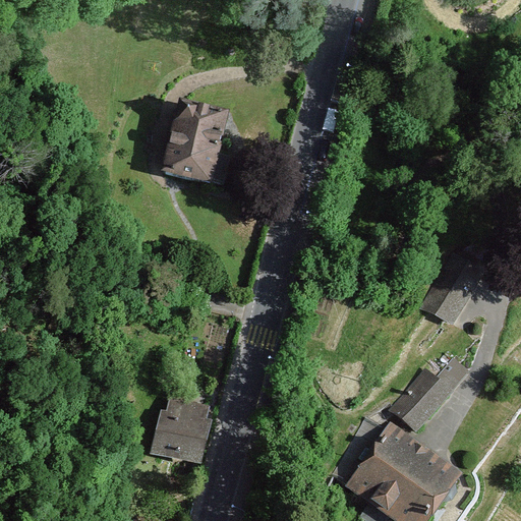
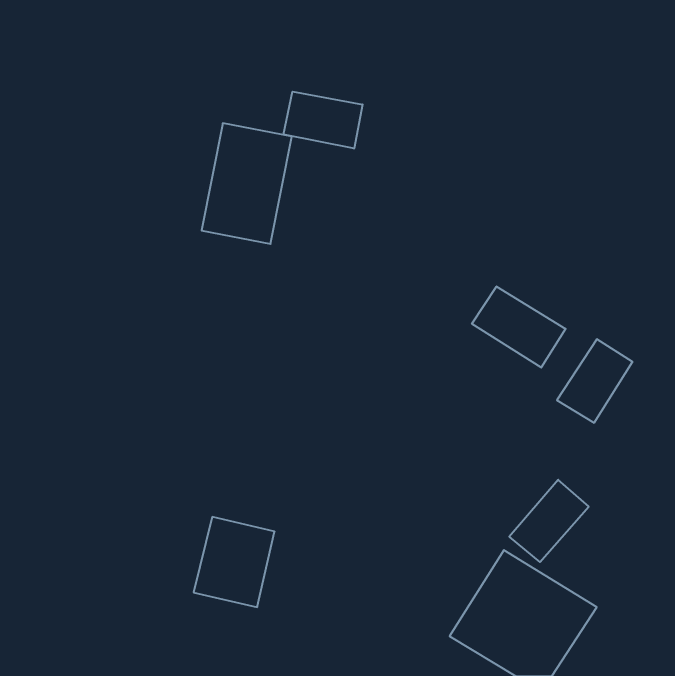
building: none -> [283,92,363,149]
building: none -> [472,286,566,368]

